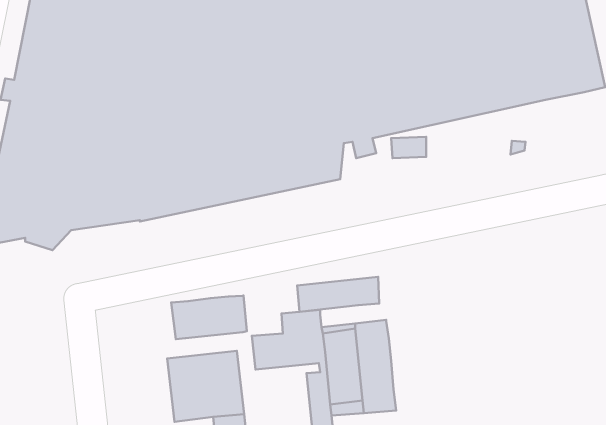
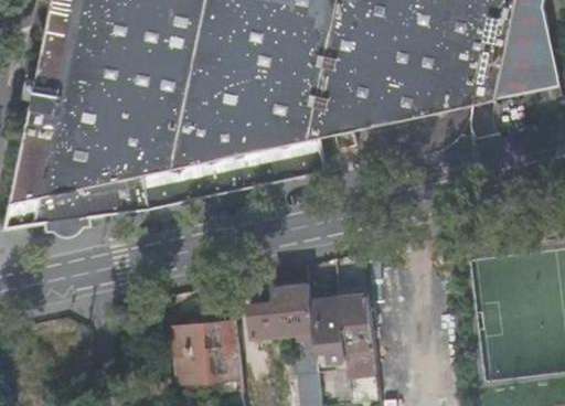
building: [297,277,379,312] -> none
building: [171,296,247,339] -> none

